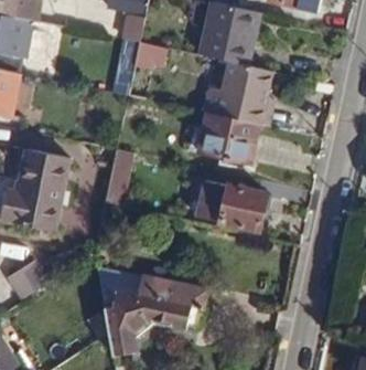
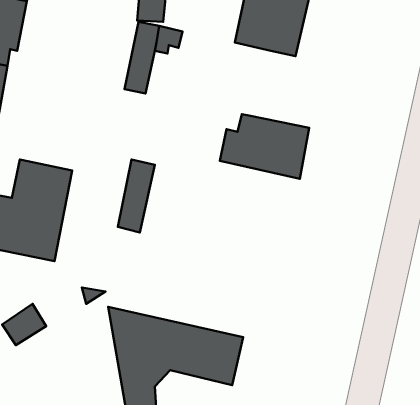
building: [209,61,279,126] -> none
building: [195,179,266,230] -> none

